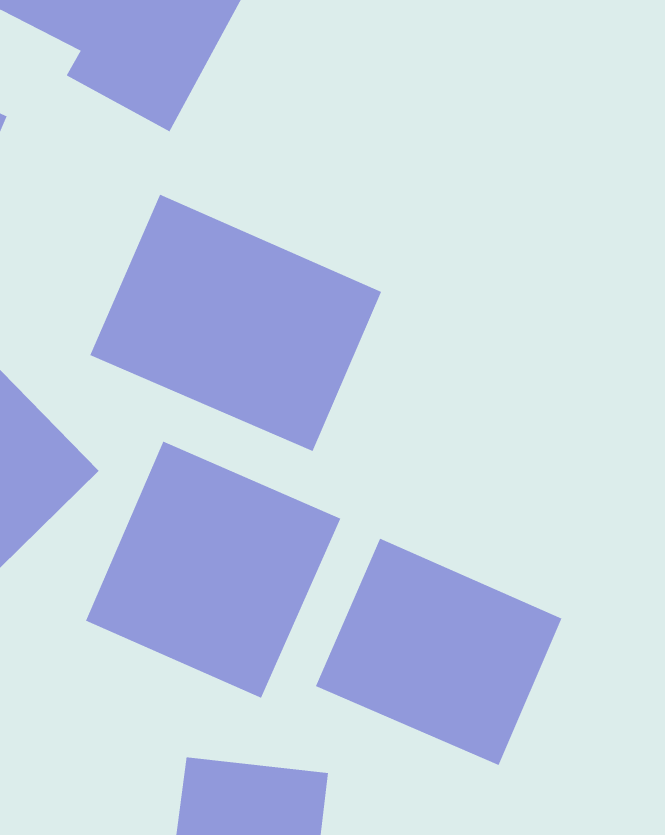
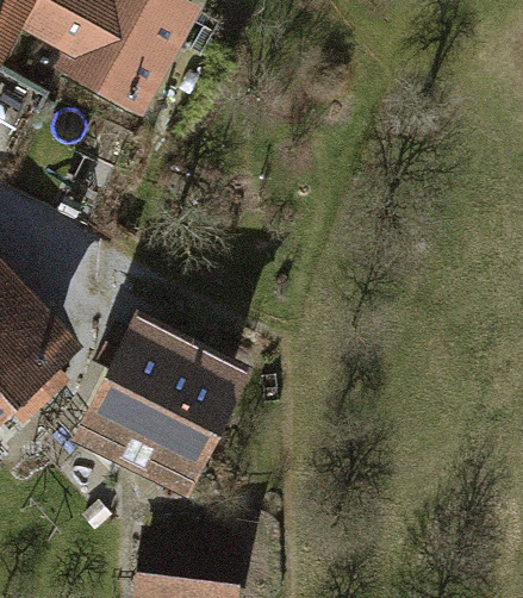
building: [89,194,382,452] -> none
building: [315,538,562,766] -> none

